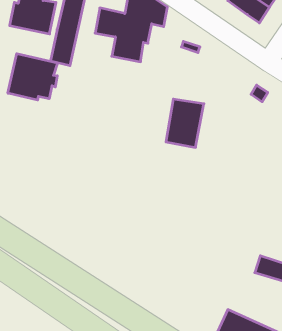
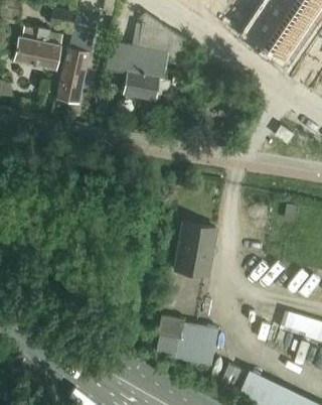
building: [8,54,57,100] -> none
building: [166,99,204,147] -> [175,226,216,278]
building: none -> [156,317,217,367]

